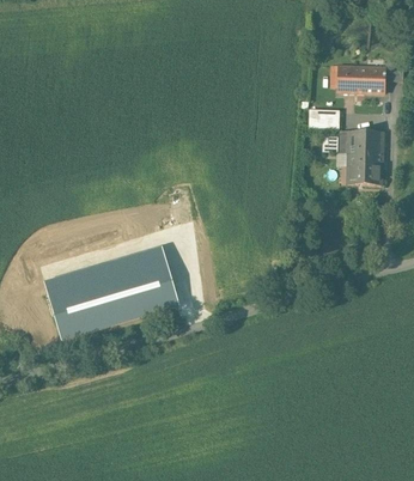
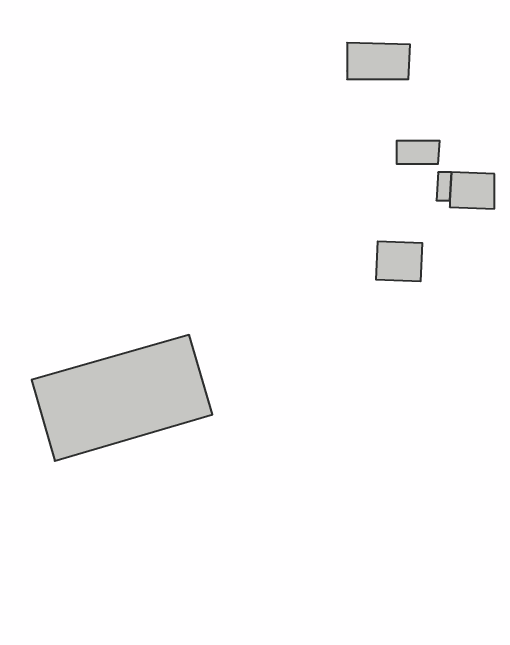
building: [337,66,383,92] -> [347,43,410,79]
building: [347,156,380,184] -> [376,241,422,281]

